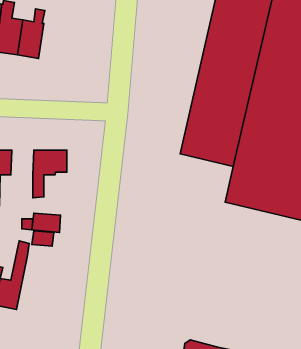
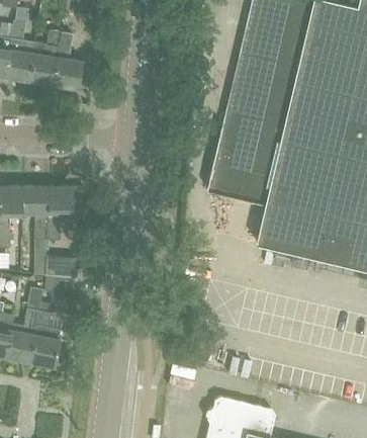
building: none -> [52,32,81,90]
building: none -> [21,187,47,240]
building: none -> [27,303,60,368]

